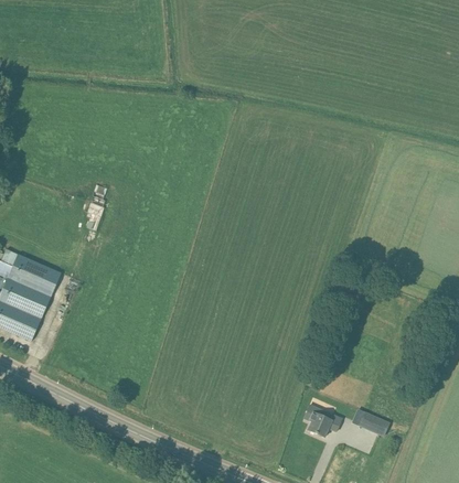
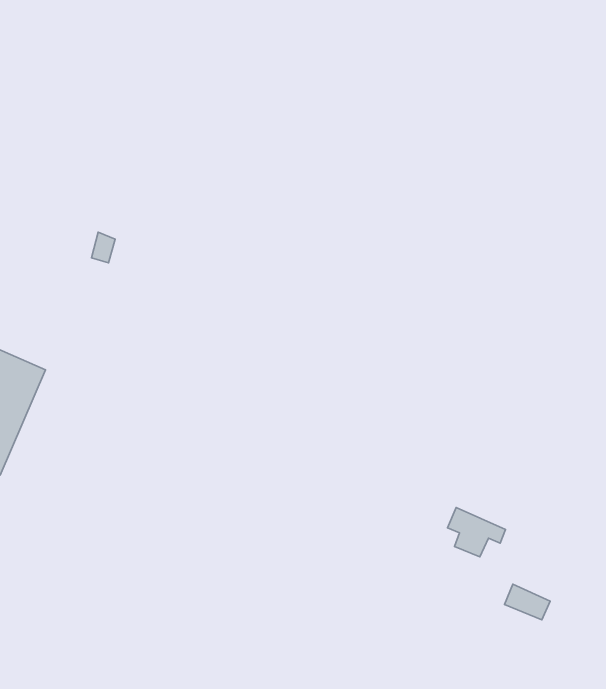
building: [303,404,341,436] -> [448,507,505,557]

